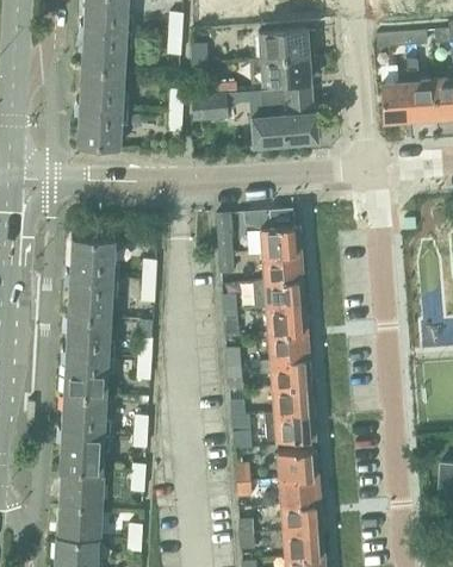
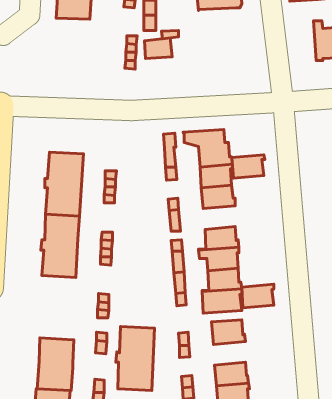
building: [250,55,318,83] -> none
building: [75,68,124,149] -> none
building: [380,71,410,123] -> none
building: [252,87,318,145] -> none
building: [267,305,309,335] -> [232,155,265,178]
building: [57,393,106,474] -> [116,326,155,391]
building: [280,476,321,506] -> [242,284,274,308]

